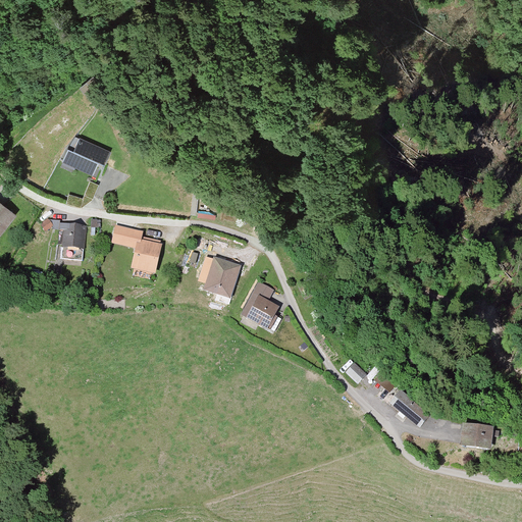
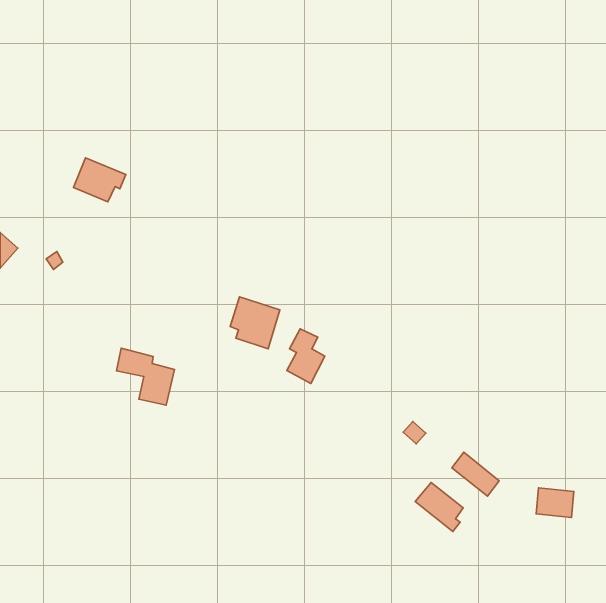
building: [63,224,86,246] -> none
building: [110,224,160,273] -> [116,348,175,405]
building: none -> [415,482,463,532]

